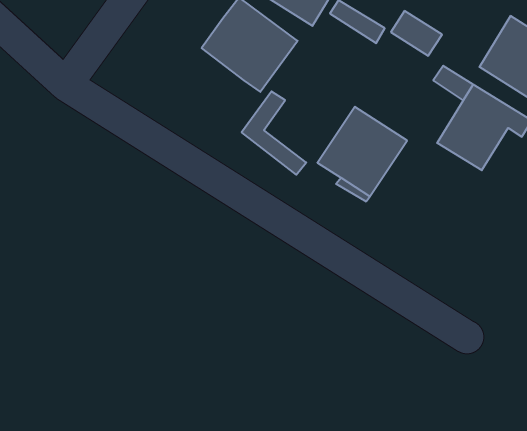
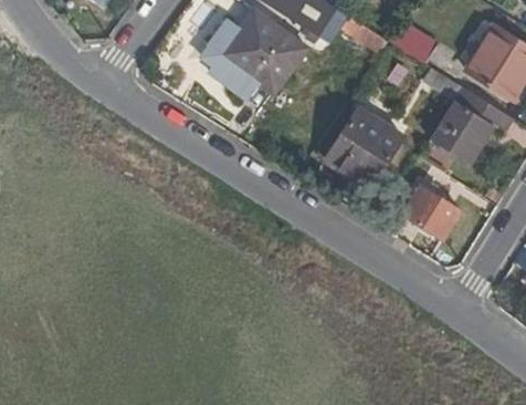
building: [242,91,306,175] -> [201,21,259,95]
building: none -> [402,186,460,239]

